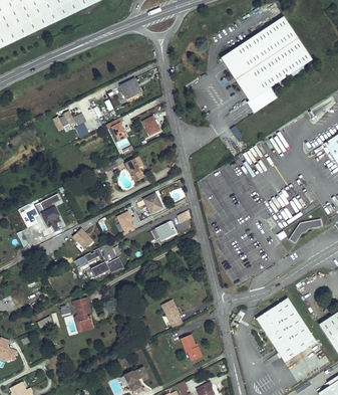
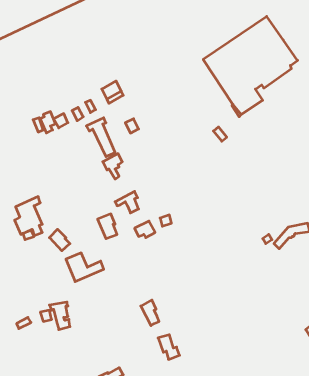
building: [257,298,317,362] -> none

